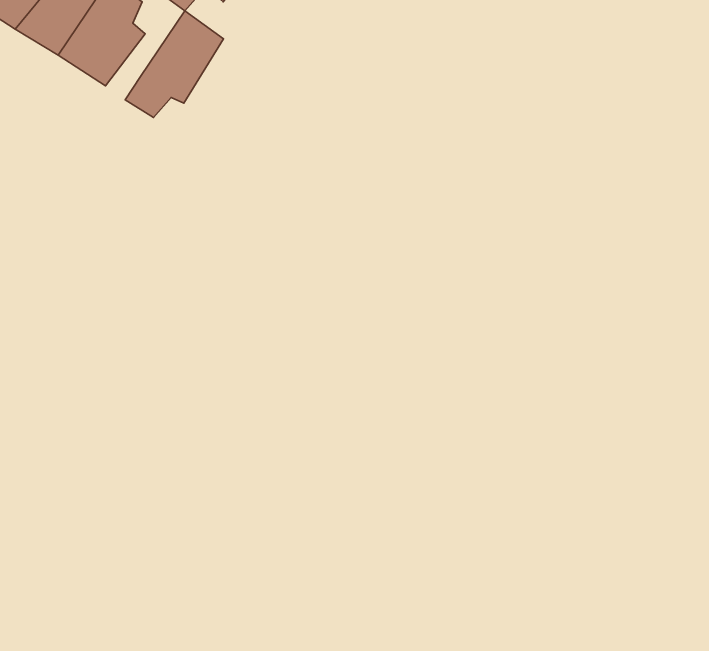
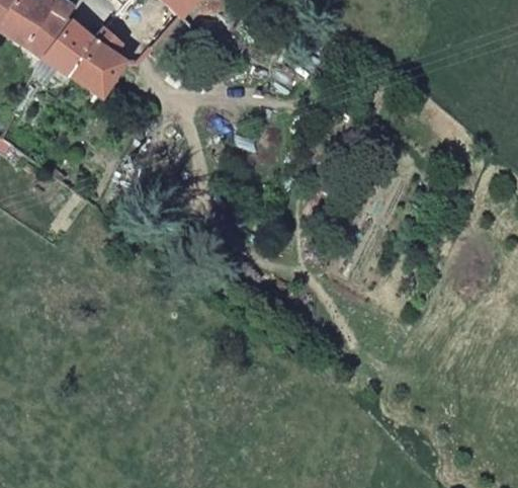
building: [125,11,224,117] -> none

